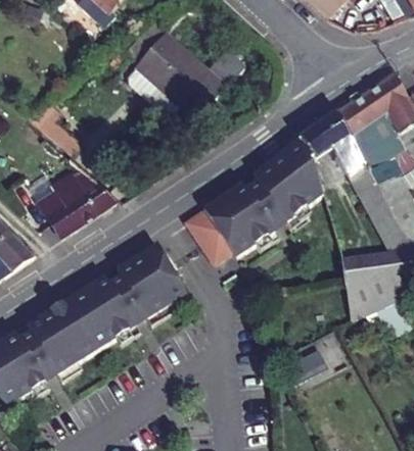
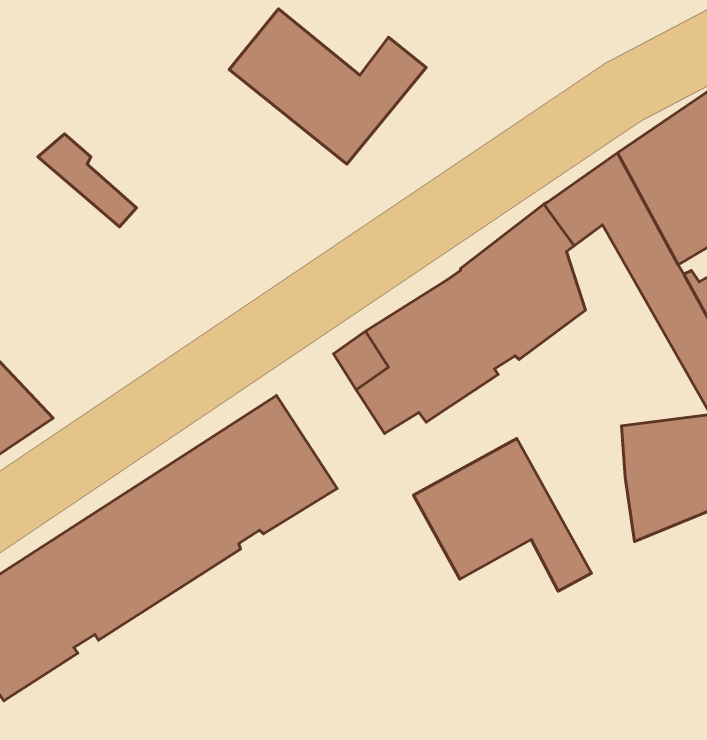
building: [38,170,118,237] -> none
building: none -> [413,439,591,591]

